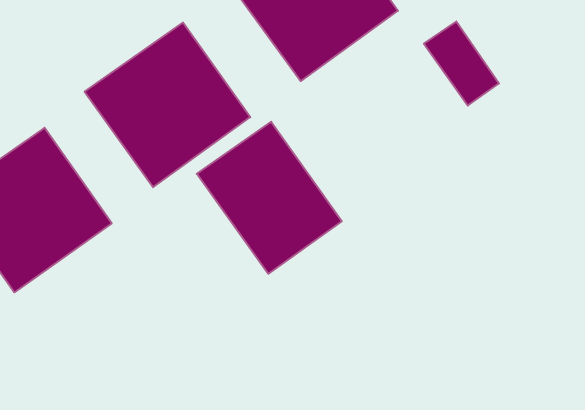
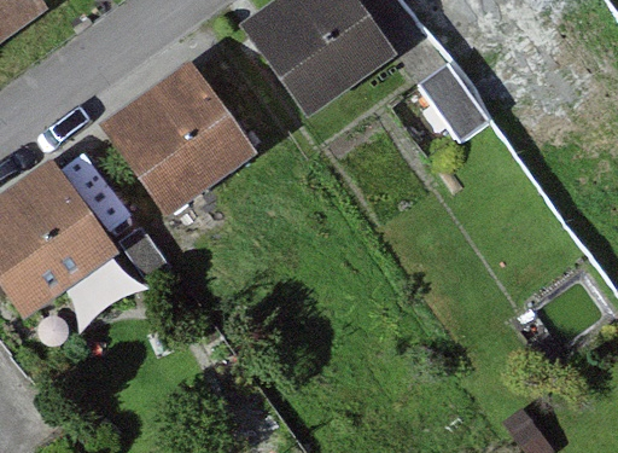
building: [197,122,342,274] -> none

